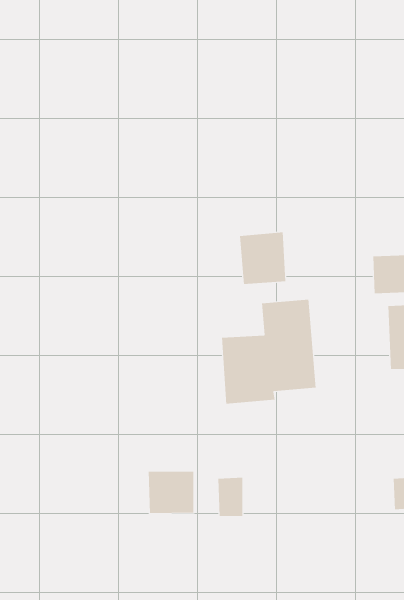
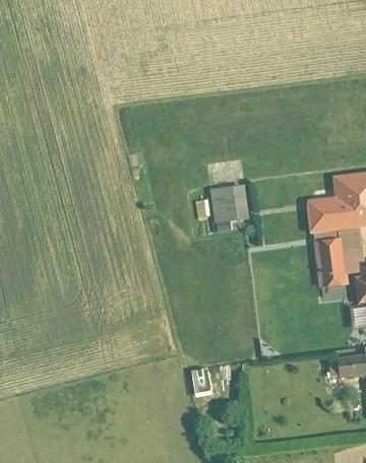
building: [222,299,316,405] -> none
building: [148,471,194,514] -> none

